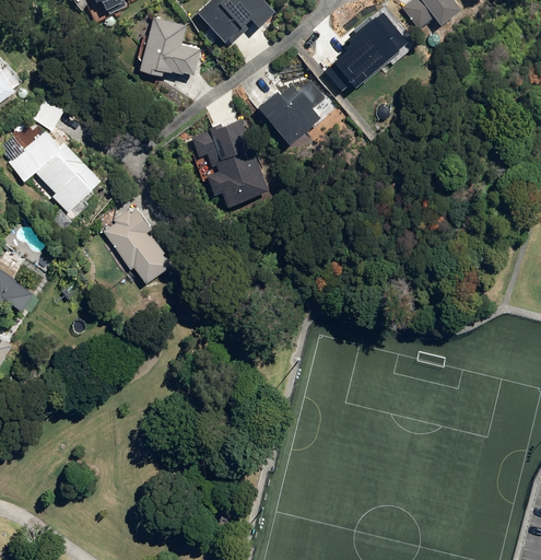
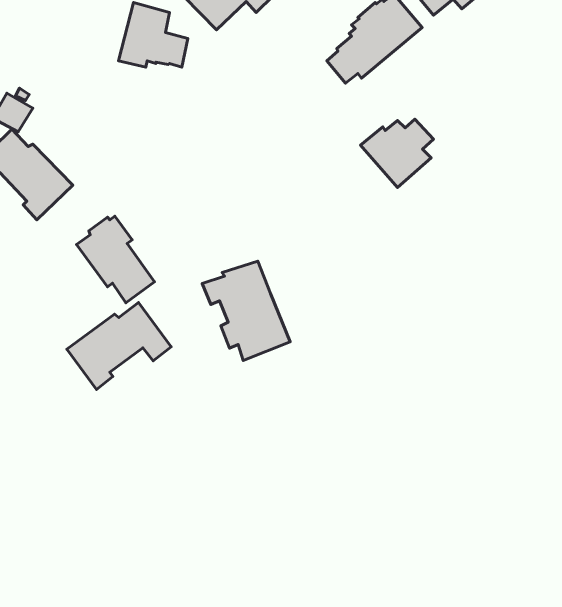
building: [259,82,324,142] -> [360,119,434,187]
building: [190,119,268,207] -> [202,261,290,360]
building: none -> [67,302,171,389]

